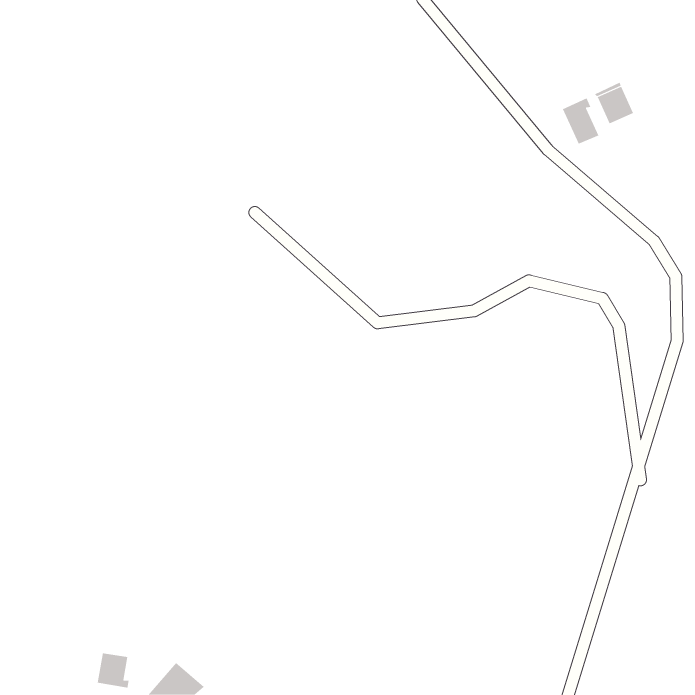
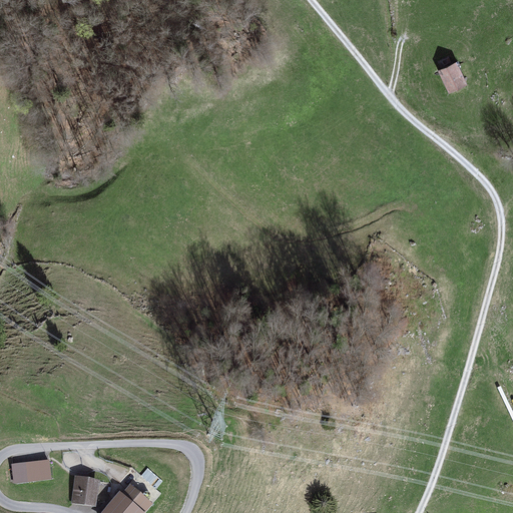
building: [562,98,599,145] -> none
building: none -> [12,461,50,483]

